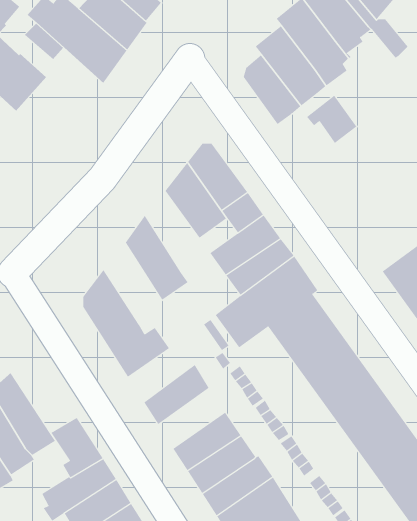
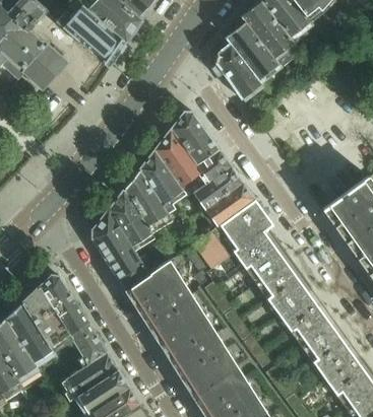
building: [306,95,357,144] -> none
building: none -> [140,149,185,212]
building: none -> [109,189,153,252]
building: none -> [127,264,179,311]
building: none -> [38,275,88,335]
building: none -> [150,300,202,347]

